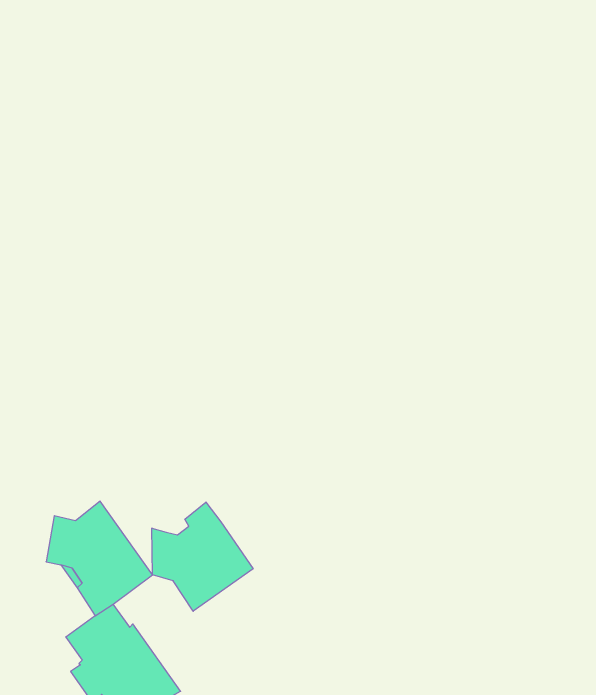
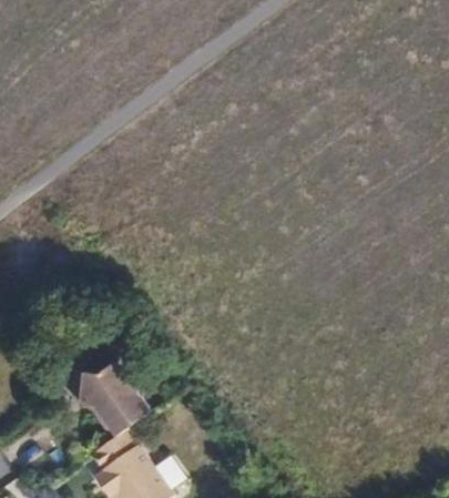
building: [152,502,253,611] -> none

